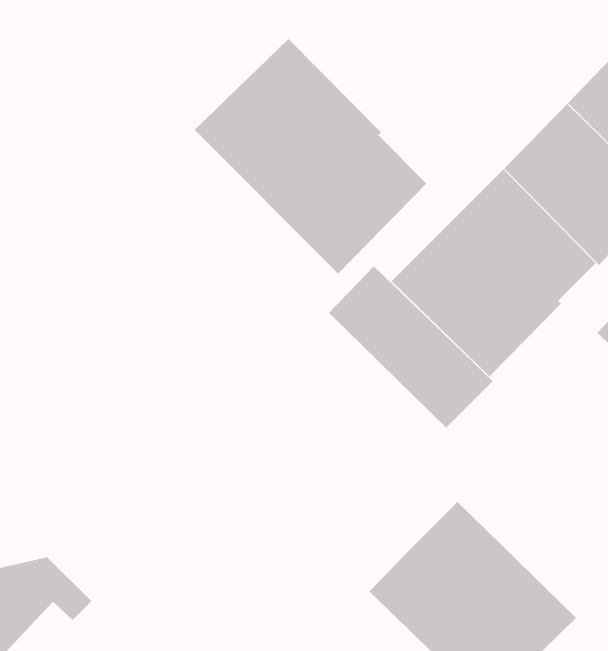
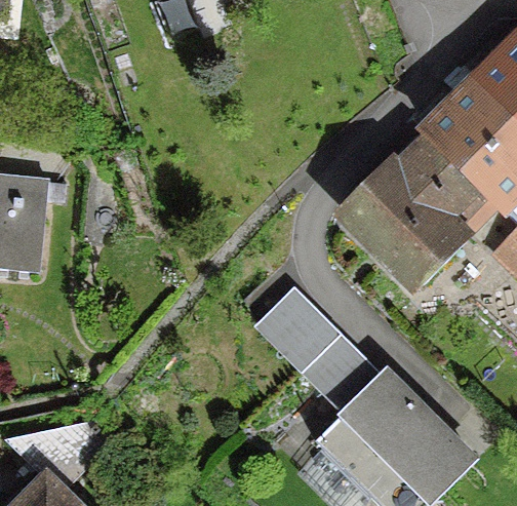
building: [194,38,427,274] -> none
building: [328,266,493,428] -> [268,294,390,414]

